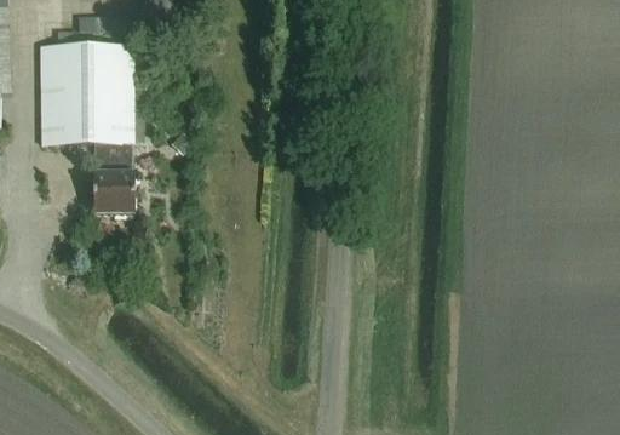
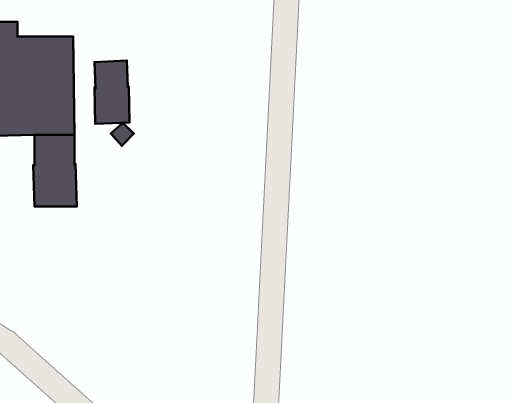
building: none -> [95,61,129,124]

